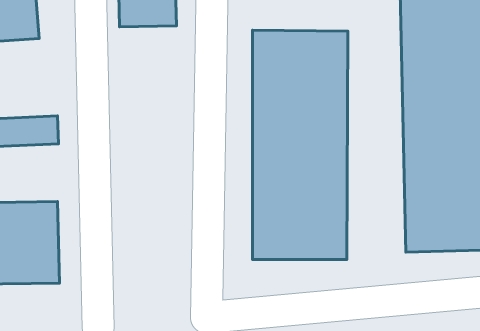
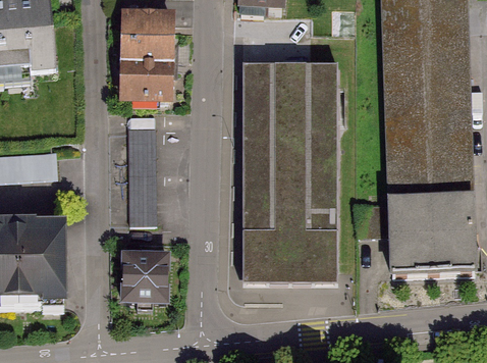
building: none -> [118,57,172,90]
building: none -> [130,122,161,216]
building: none -> [118,249,166,297]

